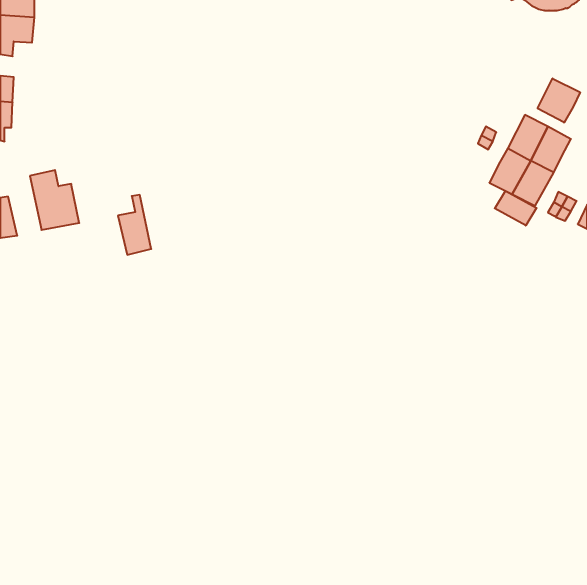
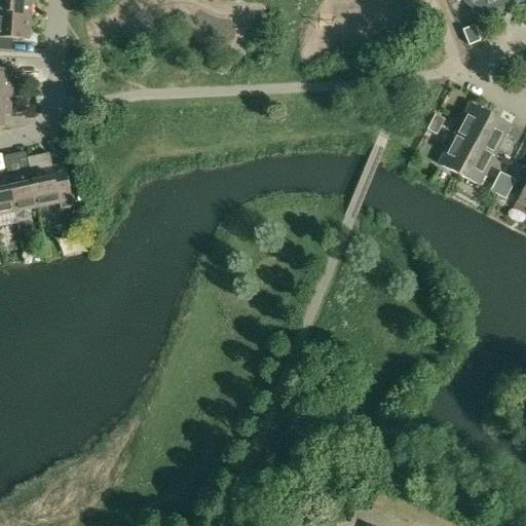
building: [538,78,580,123] -> none
building: [495,191,537,226] -> none
building: [118,195,151,255] -> [7,157,37,211]

